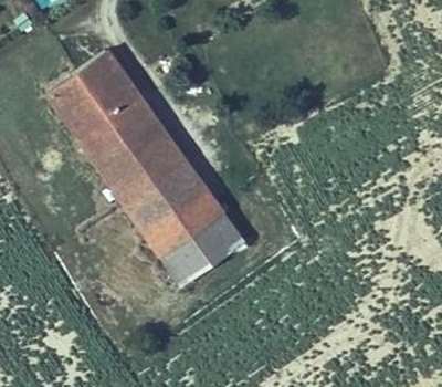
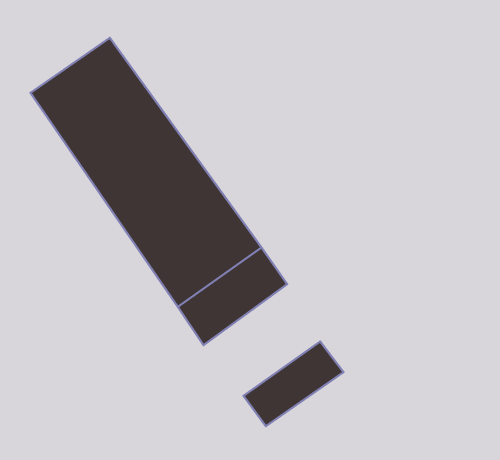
building: none -> [244,341,344,426]

